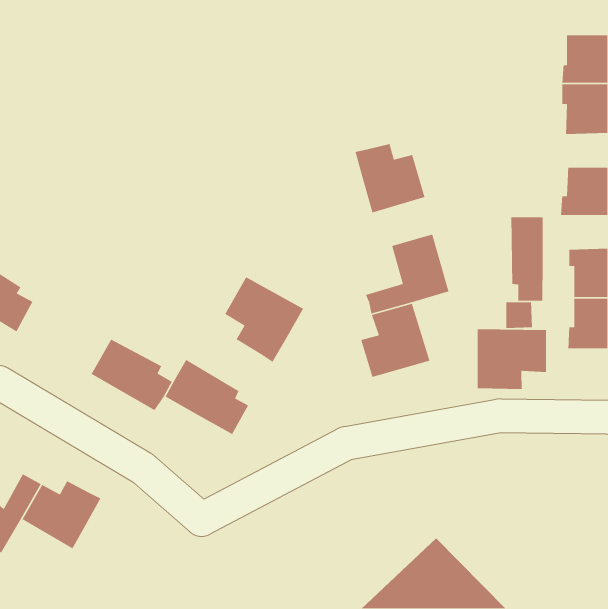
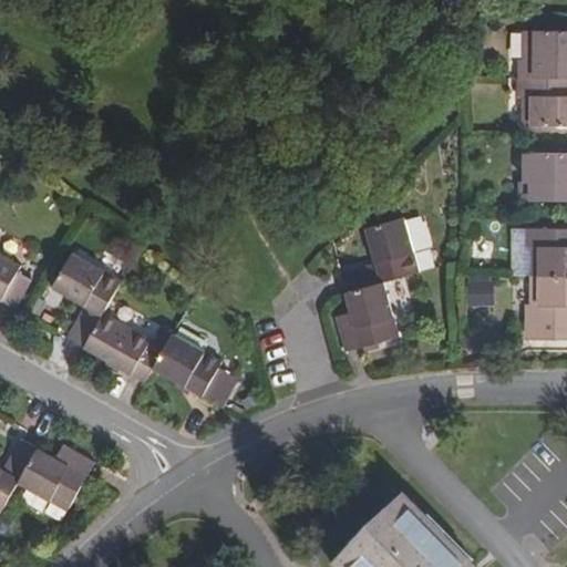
building: [354,143,425,214] -> none
building: [511,217,544,302] -> none
building: none -> [53,254,122,348]
building: [224,276,304,363] -> none
building: [477,328,547,390] -> none

